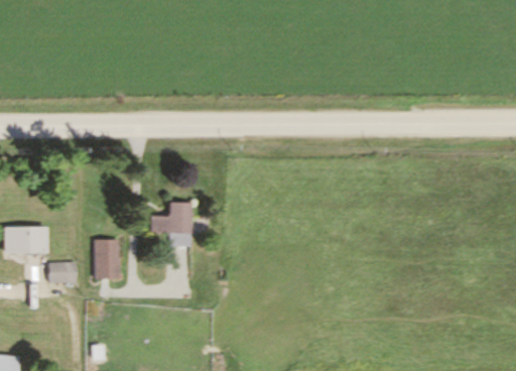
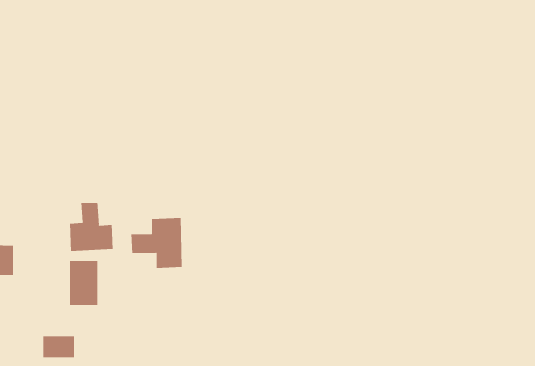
building: none -> [69,202,113,252]
building: [48,263,77,282] -> [43,336,75,358]

